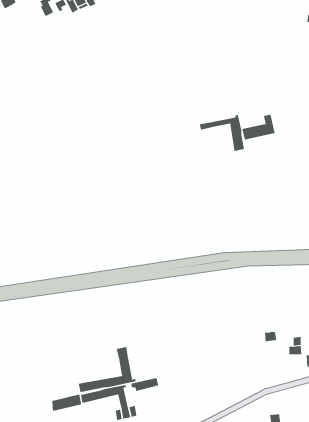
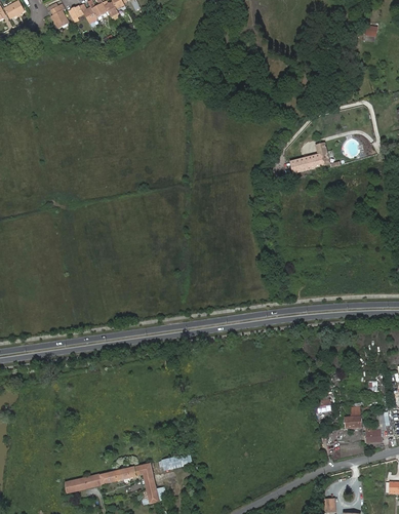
building: [199,114,245,152] -> none
building: [78,346,136,393] -> none

